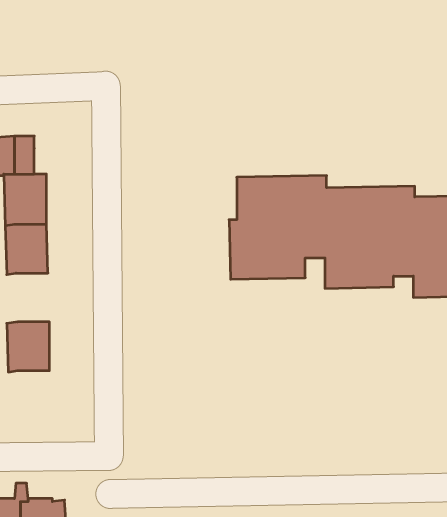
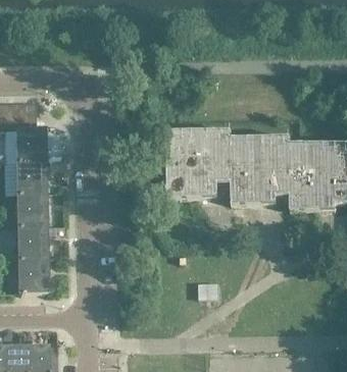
building: none -> [16,195,45,228]
building: none -> [17,260,46,295]

